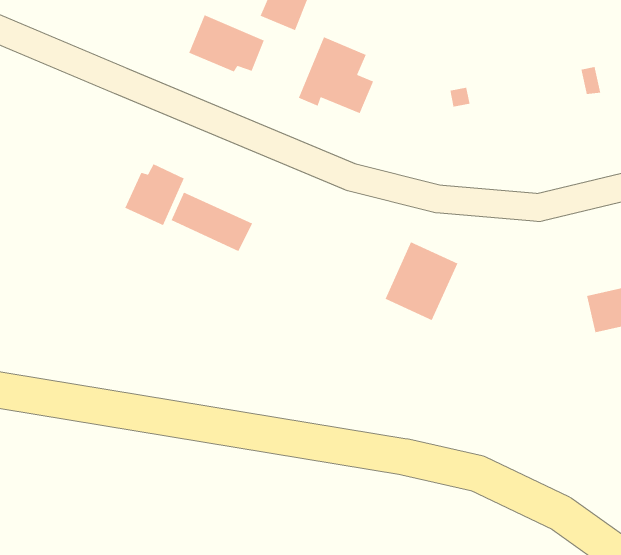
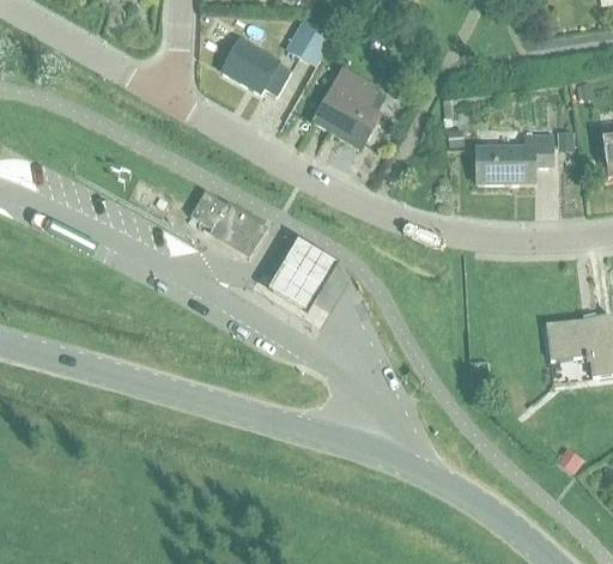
building: none -> [477,133,552,182]
building: [124,163,185,226] -> none
building: [384,241,459,321] -> [267,241,335,313]

